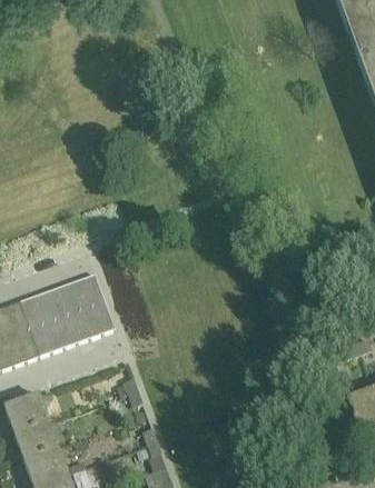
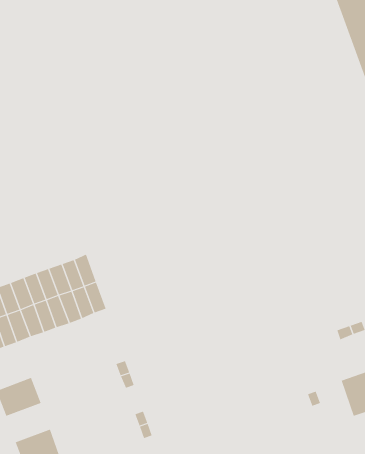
building: [16,417,60,456] -> none

